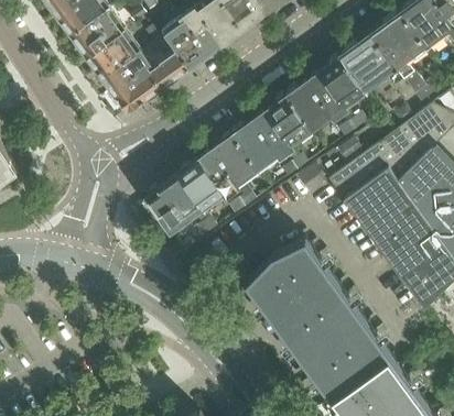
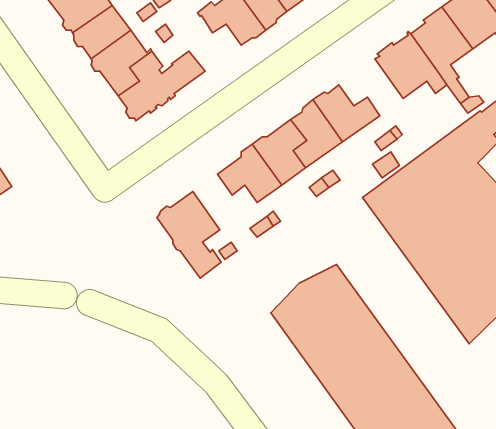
building: [162,21,219,70] -> none
building: [306,59,364,110] -> none
building: [176,162,234,211] -> none

